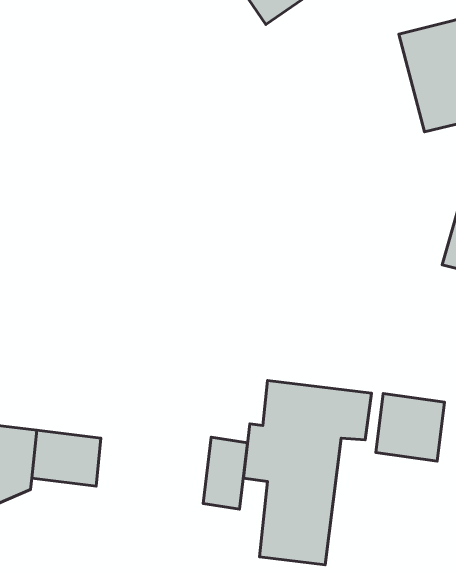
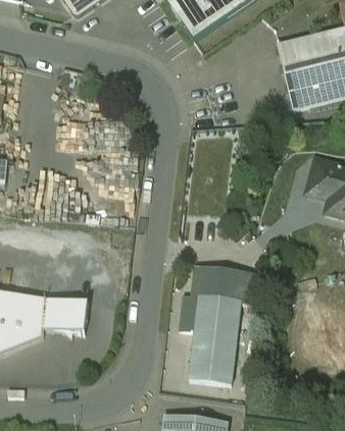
building: [376,393,444,461] -> none
building: [203,437,248,509] -> none

